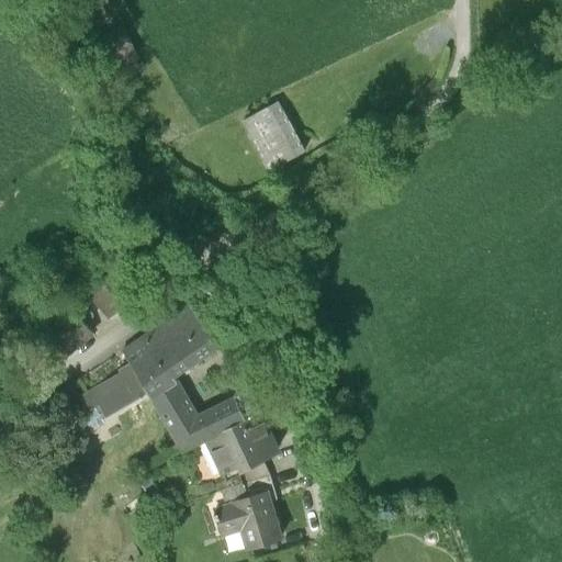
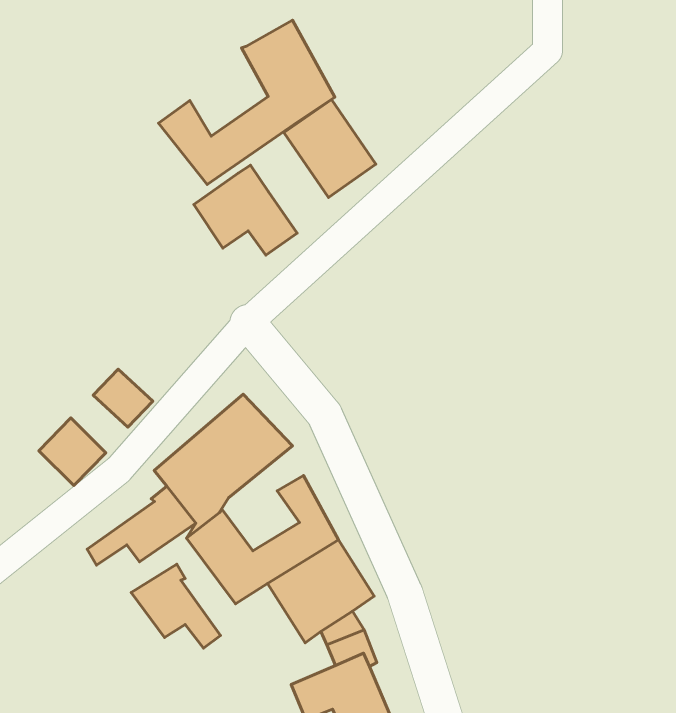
building: none -> [159,20,335,185]
building: none -> [194,165,297,255]
building: none -> [131,564,220,648]

